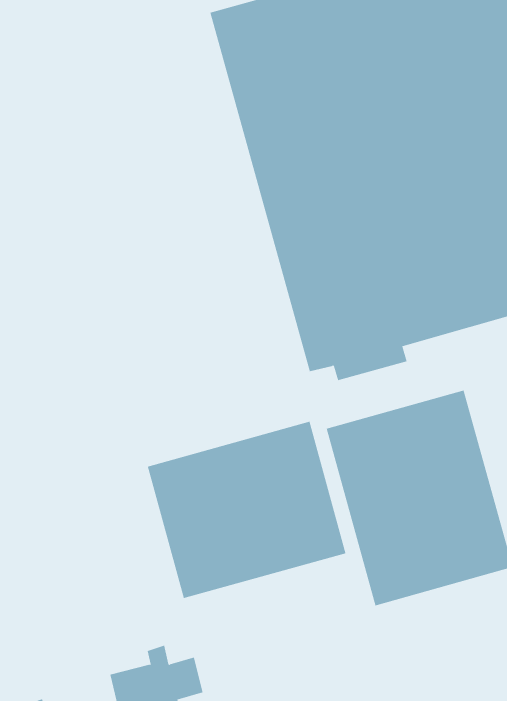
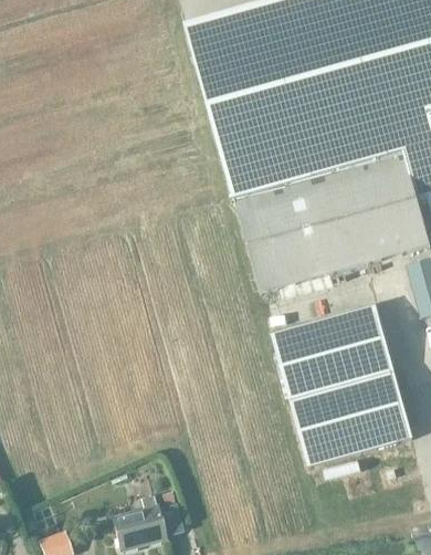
building: [147,421,346,599] -> none

